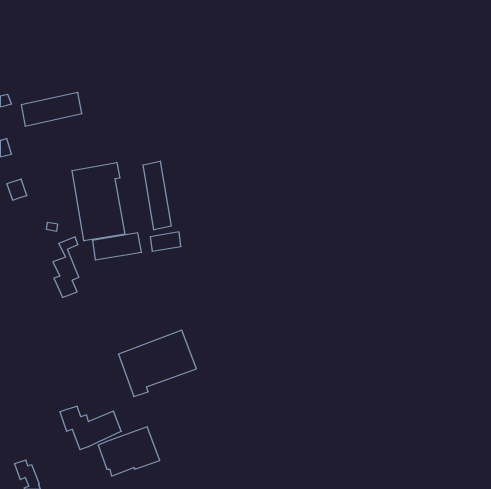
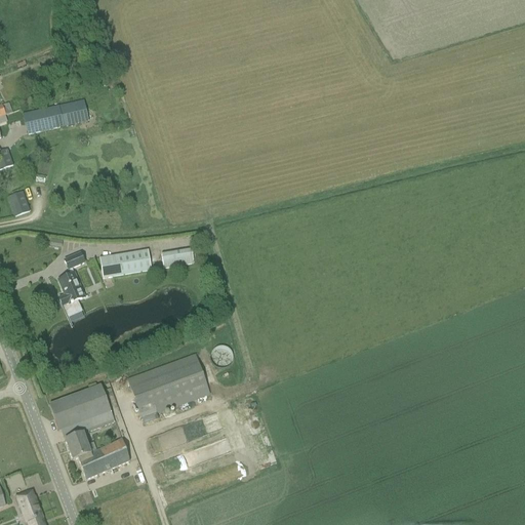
building: [143,161,171,230] -> none
building: [72,162,125,241] -> none
building: [98,427,160,476] -> [49,385,115,437]

